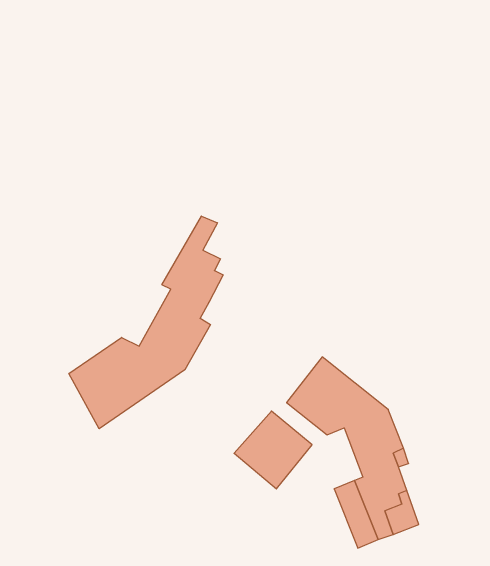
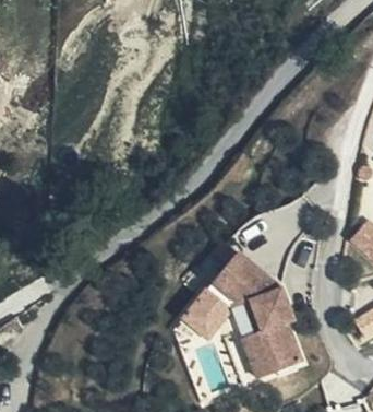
building: [69,216,223,429] -> none

